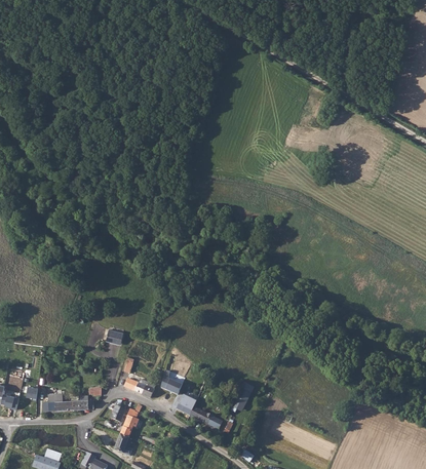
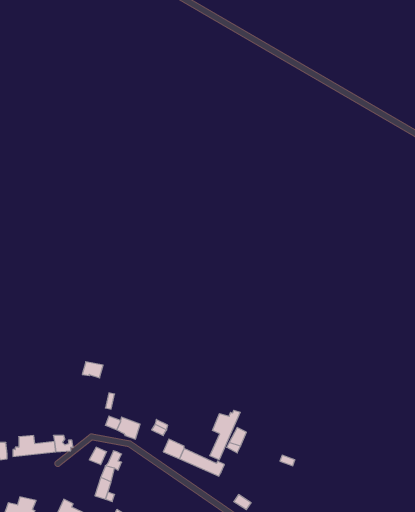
building: none -> [210,410,240,460]

